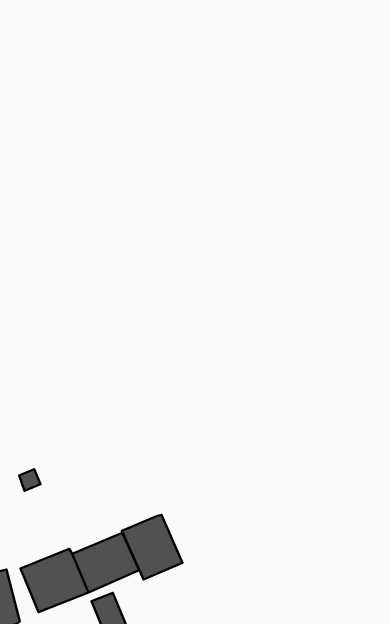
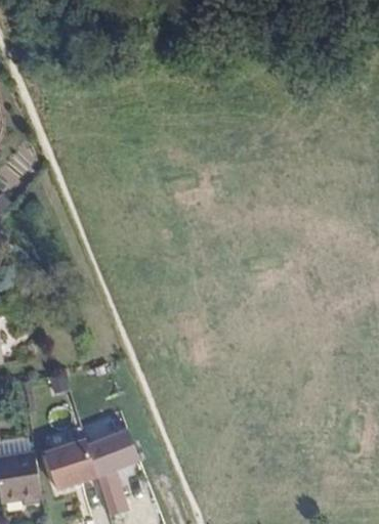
building: [122,515,182,579] -> none

